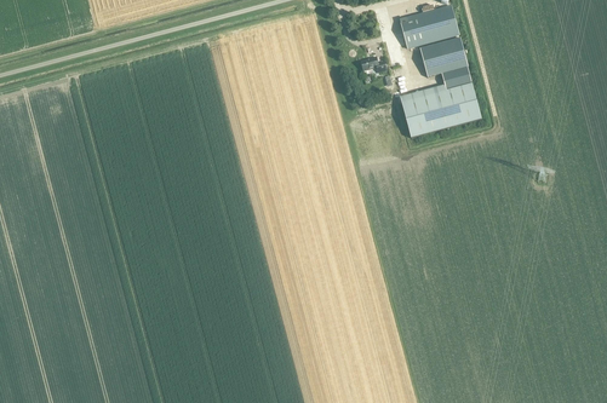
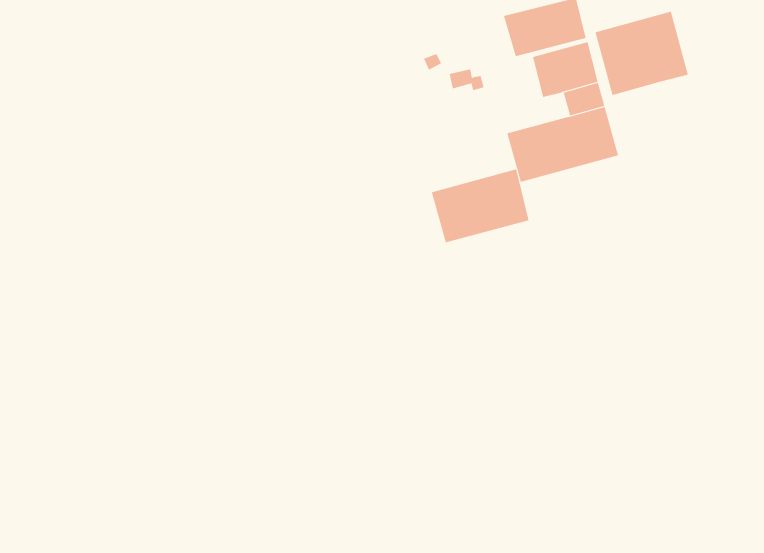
building: none -> [595,11,689,96]
building: none -> [431,168,529,243]

